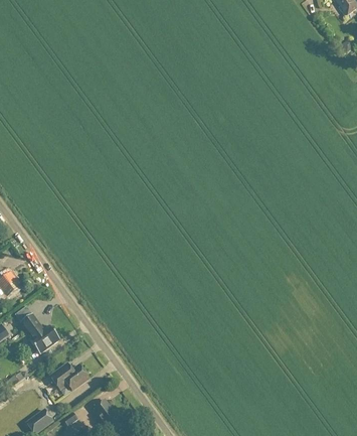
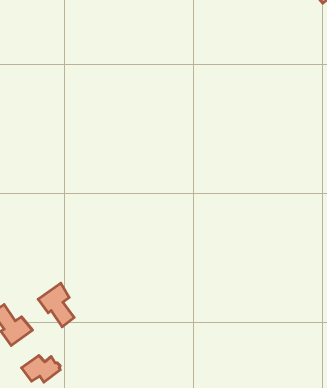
building: none -> [38,283,74,327]

